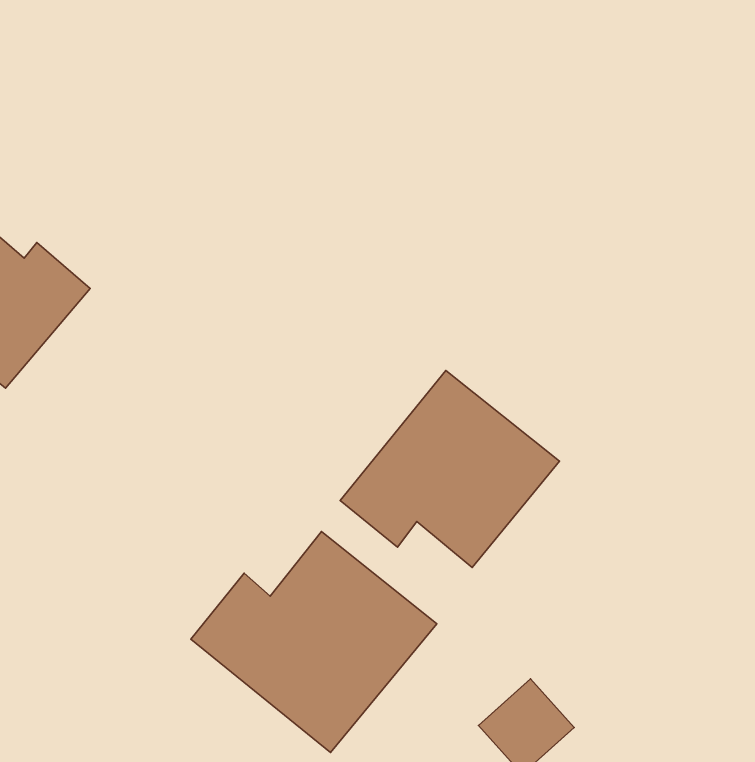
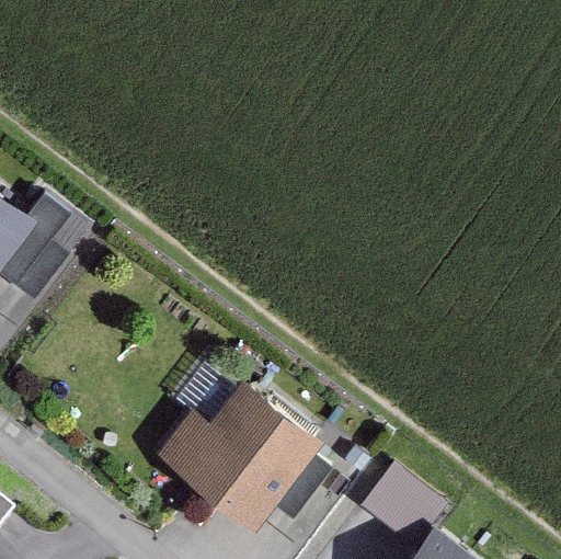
building: [340,370,560,567] -> none

